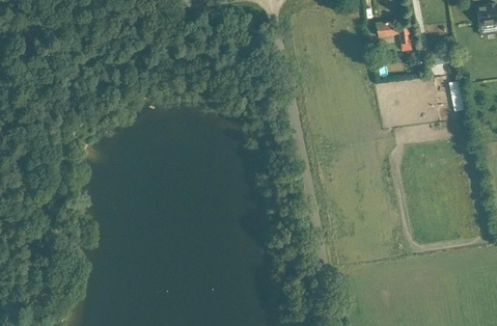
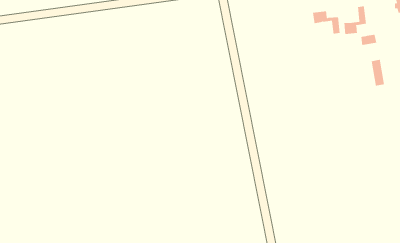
building: none -> [344,6,366,35]

